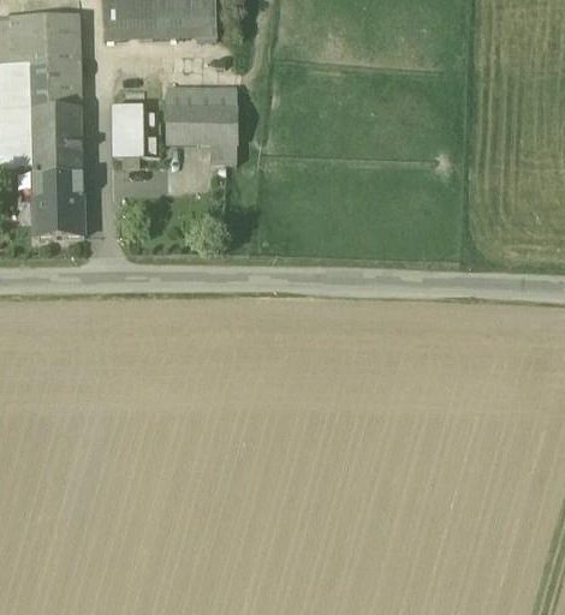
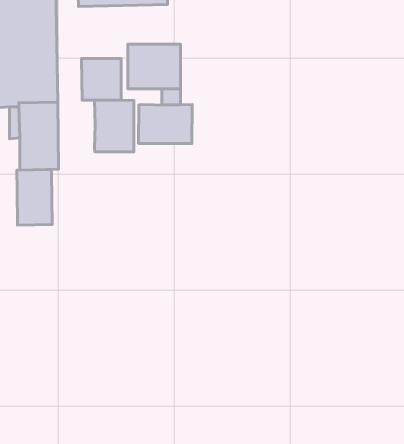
building: none -> [95,100,134,152]
building: none -> [138,105,192,143]
building: none -> [17,170,52,225]

